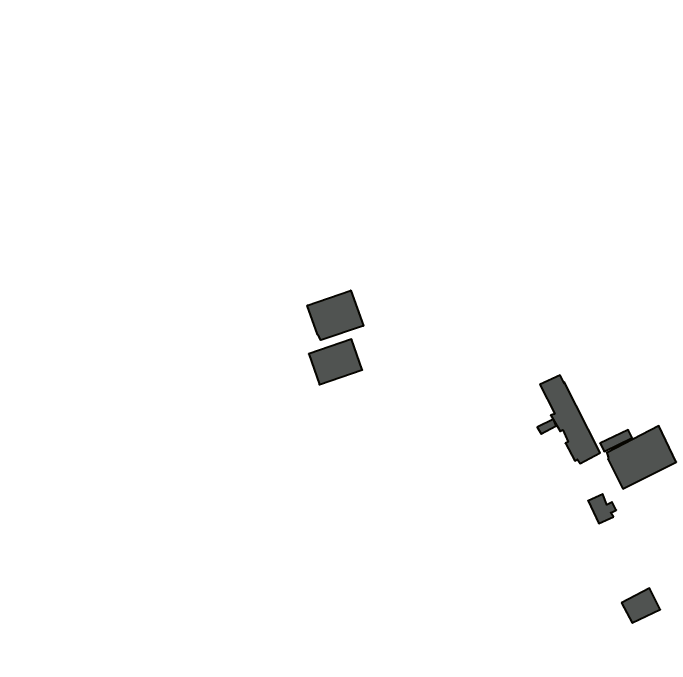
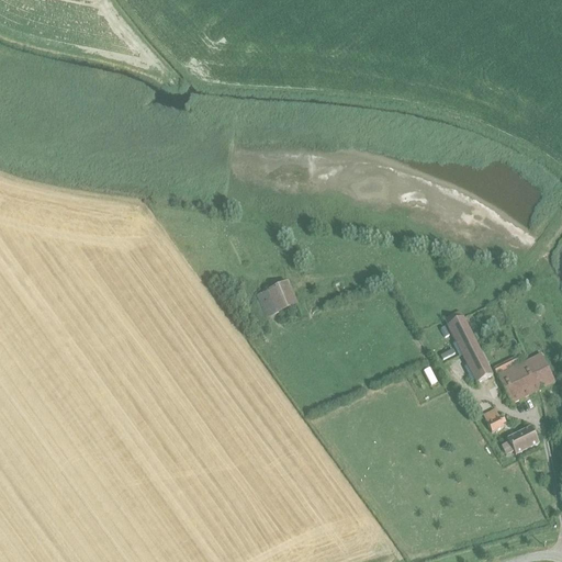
building: [307,290,363,340] -> none
building: [622,588,660,623] -> [507,424,539,452]

